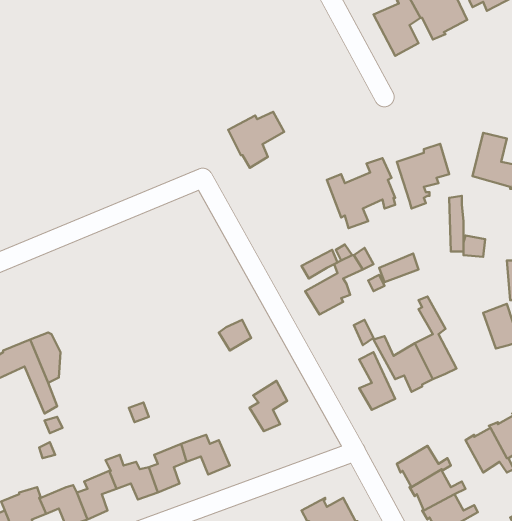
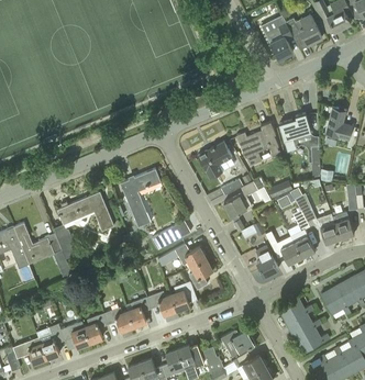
building: [228,112,284,168] -> [198,144,232,178]
building: none -> [120,168,161,226]
building: none -> [57,191,114,231]
building: none -> [295,192,340,244]
building: none -> [158,244,206,267]
building: none -> [170,281,198,310]

